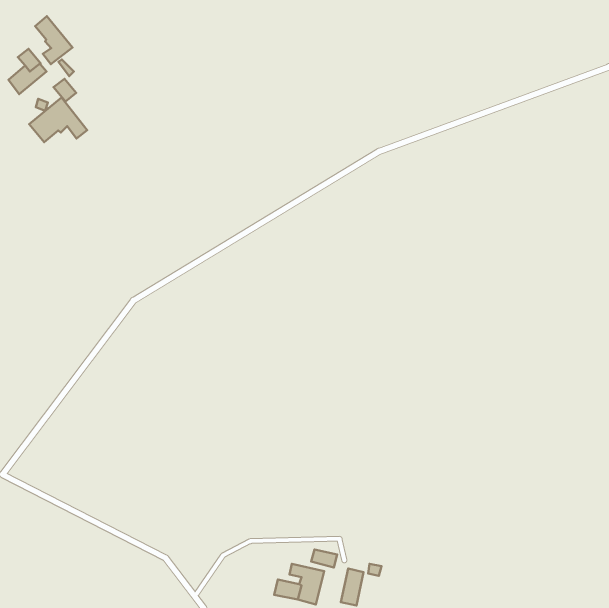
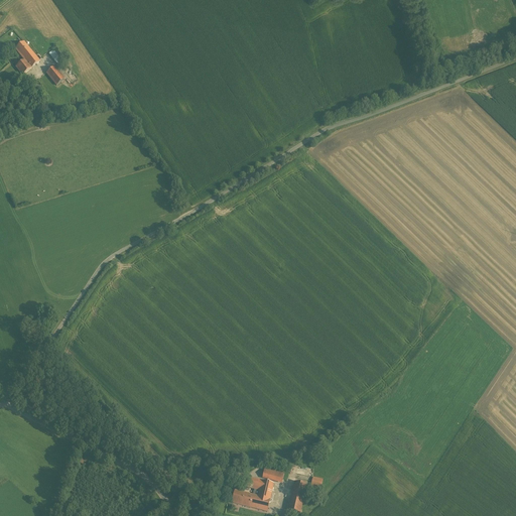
building: [35,16,73,64] -> none
building: [29,98,87,142] -> none

